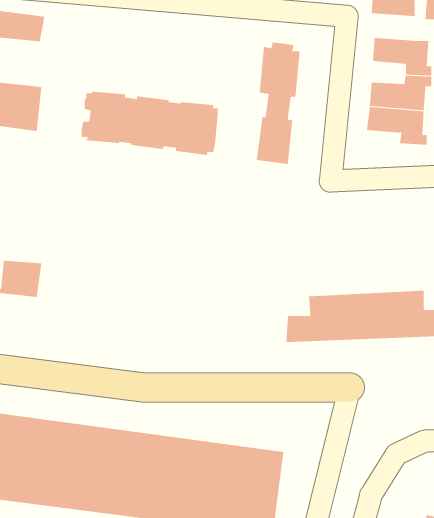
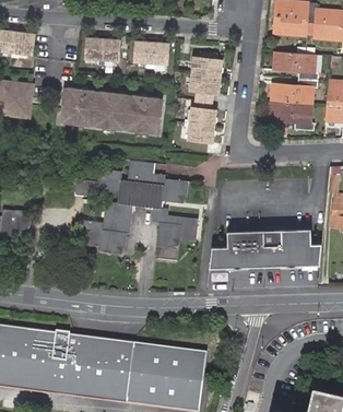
building: none -> [84,36,119,59]
building: none -> [133,39,168,62]
building: none -> [75,161,199,256]

